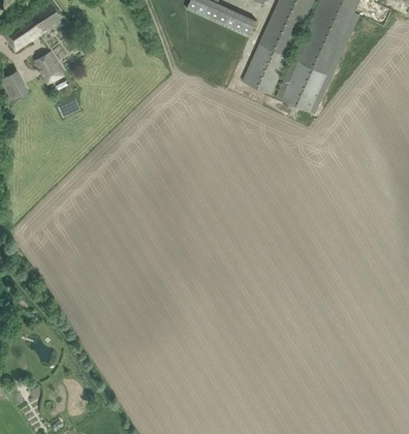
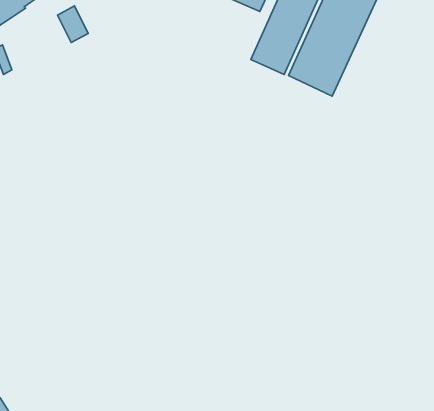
building: [35,51,63,84] -> [57,6,88,42]

